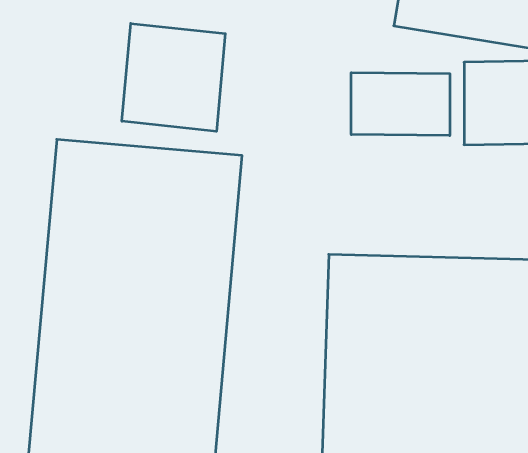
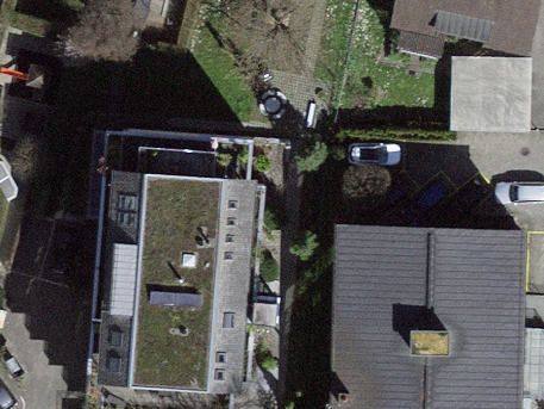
building: [122,23,225,131] -> none
building: [351,73,450,136] -> none

